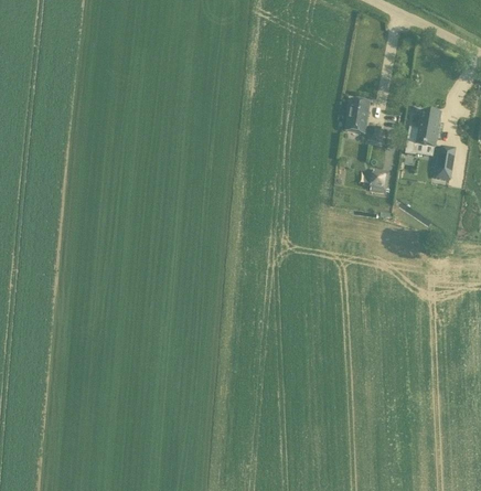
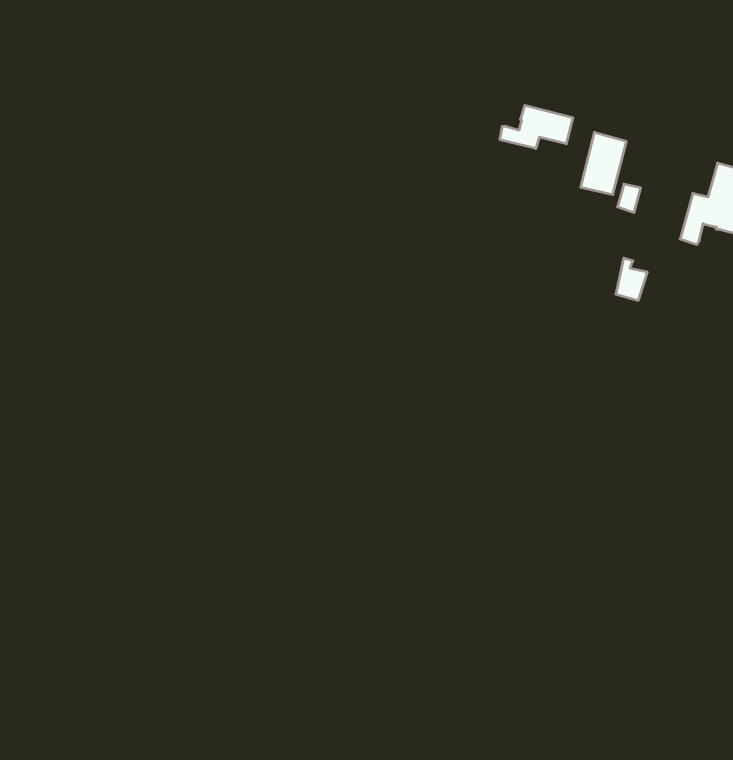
building: none -> [500,105,573,149]

